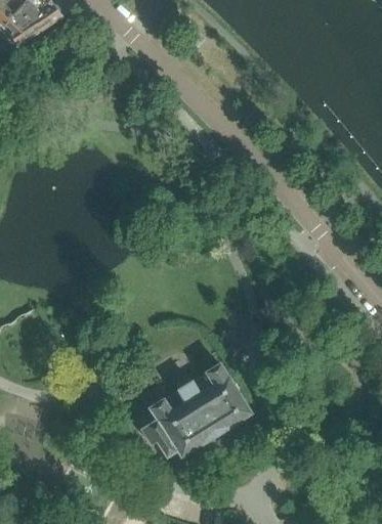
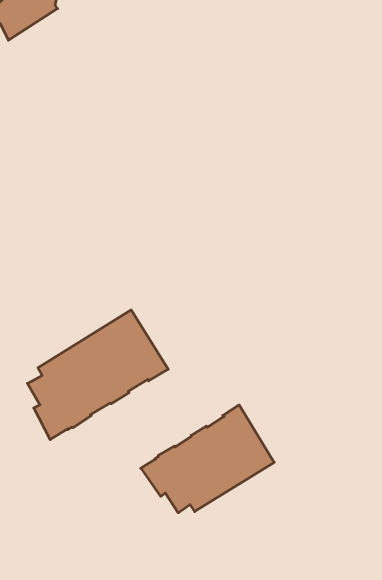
building: none -> [27,310,168,440]

